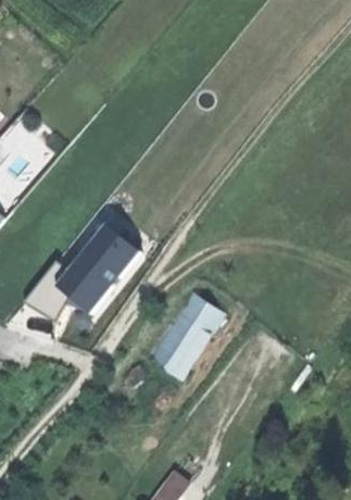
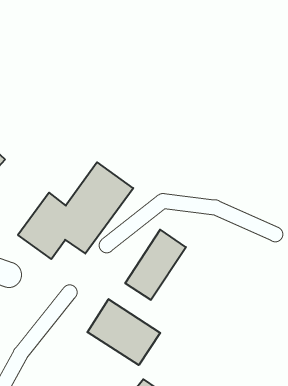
building: none -> [87,299,160,365]

